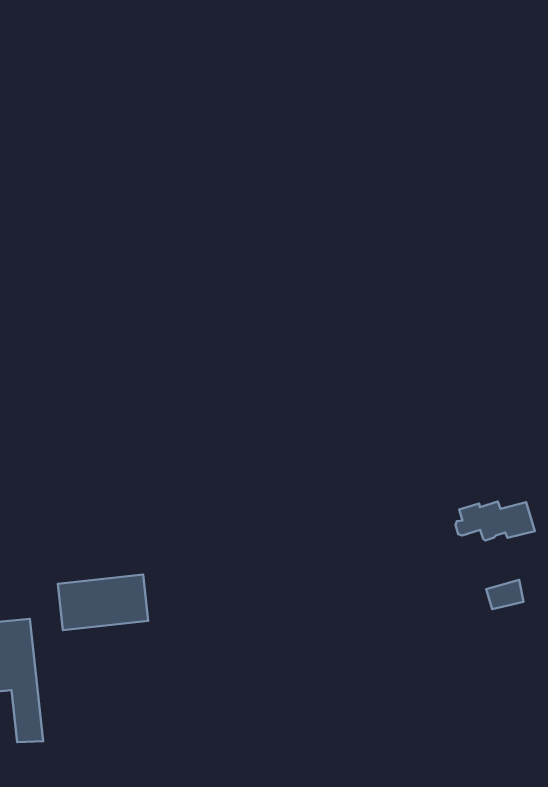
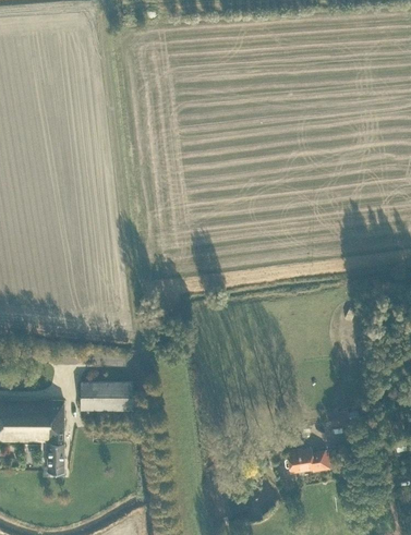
building: [455,502,535,540] -> [283,449,329,471]

